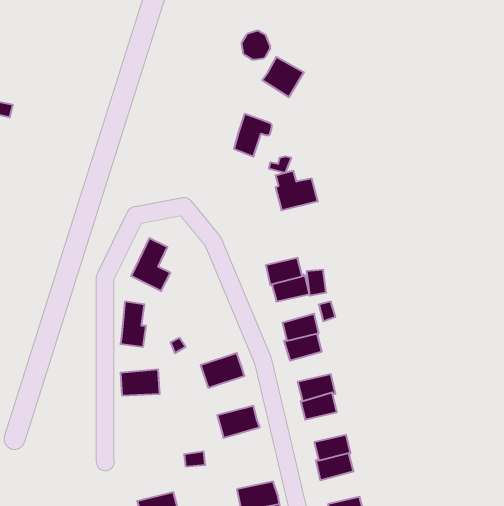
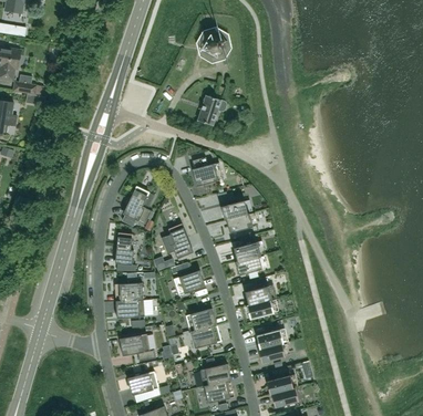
building: [262,57,304,97] -> none
building: [275,171,318,210] -> [193,157,224,186]
building: none -> [162,223,194,259]
building: none -> [116,300,145,319]
building: none -> [190,324,221,349]
building: none -> [120,334,155,361]

